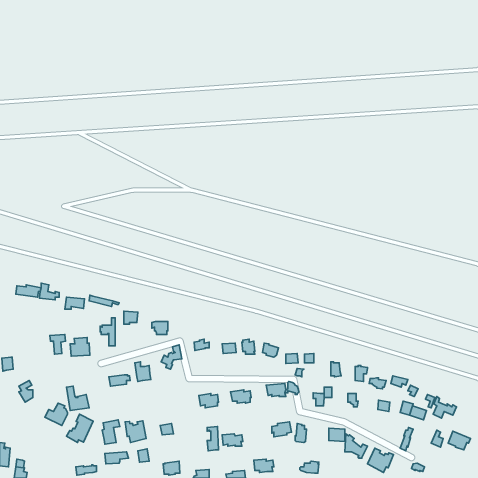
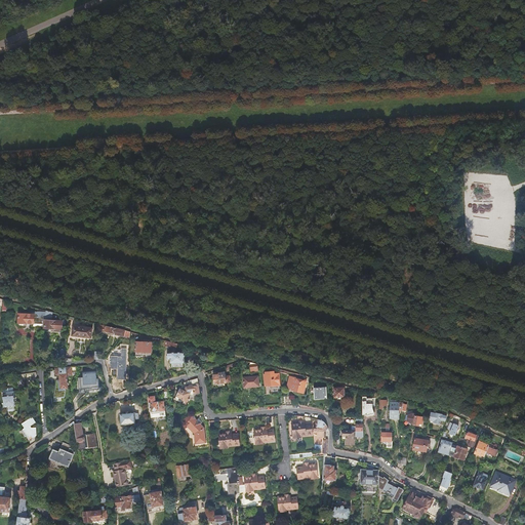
building: none -> [179,412,205,442]
building: [67,414,93,442] -> none
building: [125,421,146,442] -> none

